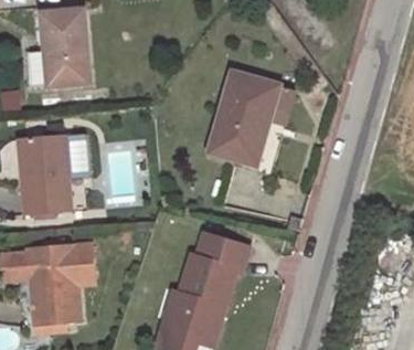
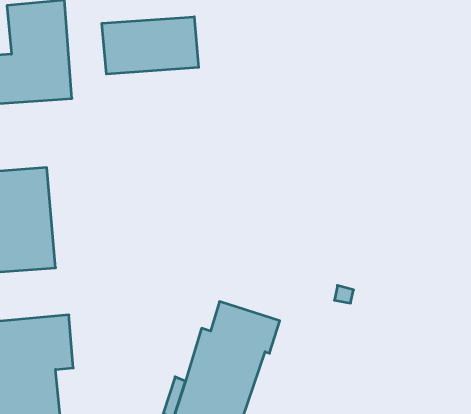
building: none -> [102,17,199,74]
building: [217,72,301,169] -> none

